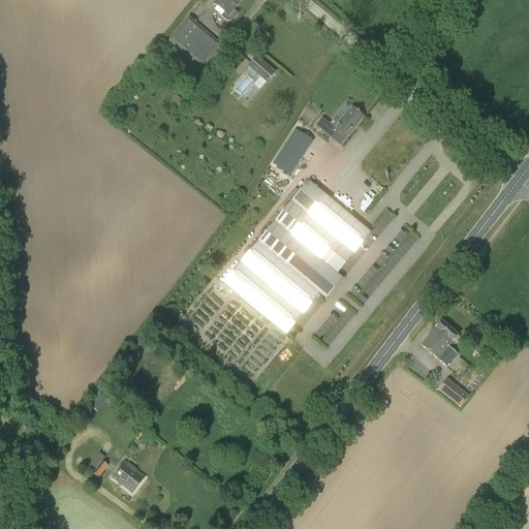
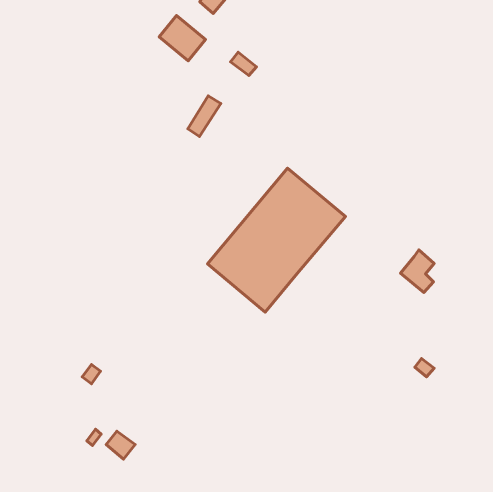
building: [316,105,363,144] -> none
building: [268,131,303,175] -> [188,96,221,136]
building: [422,319,458,365] -> [401,250,434,292]

